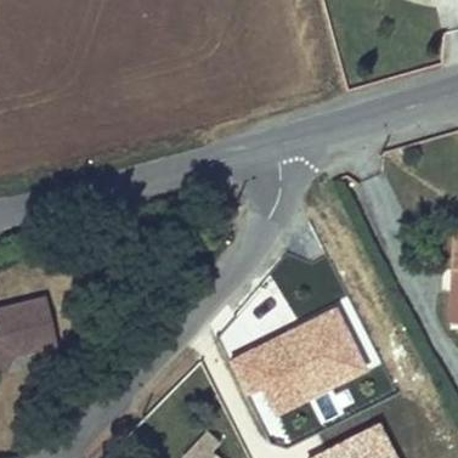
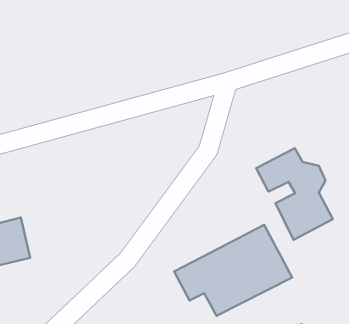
building: none -> [256,148,333,240]

